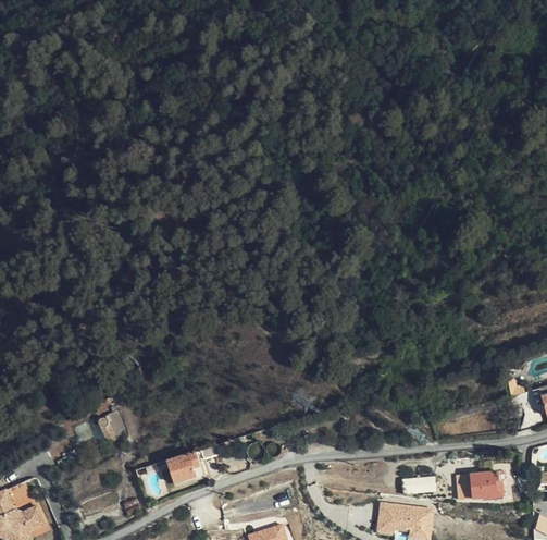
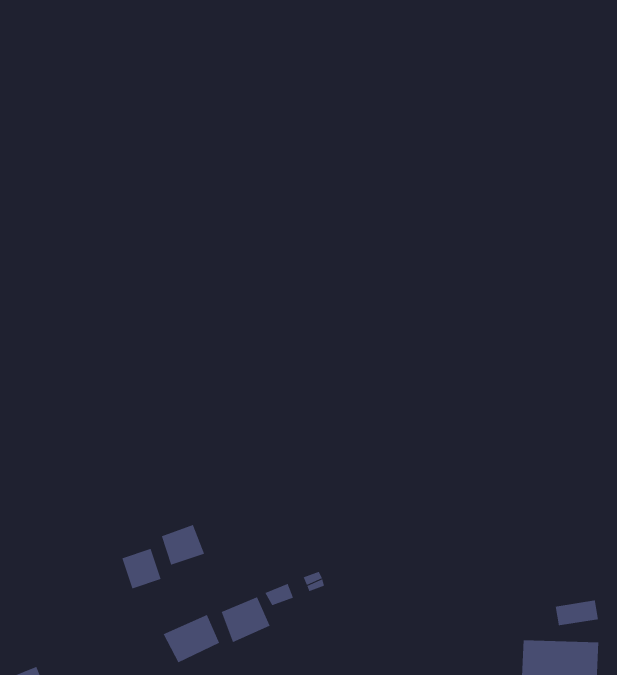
building: none -> [161,524,205,565]
building: none -> [163,614,220,663]

